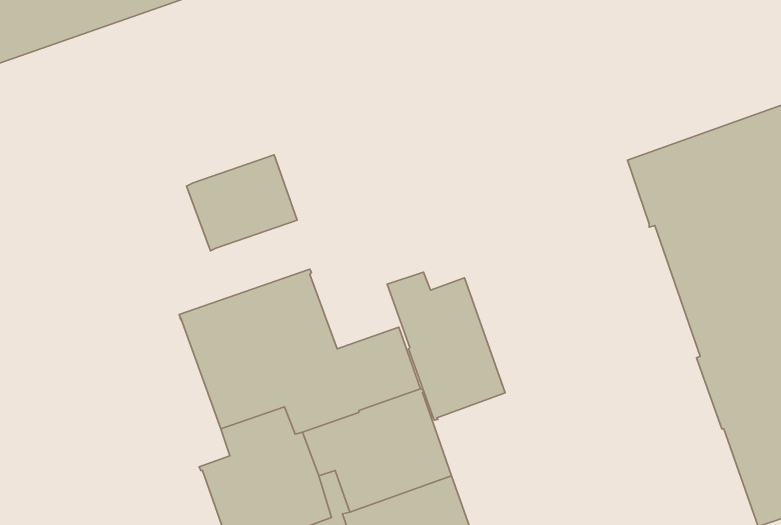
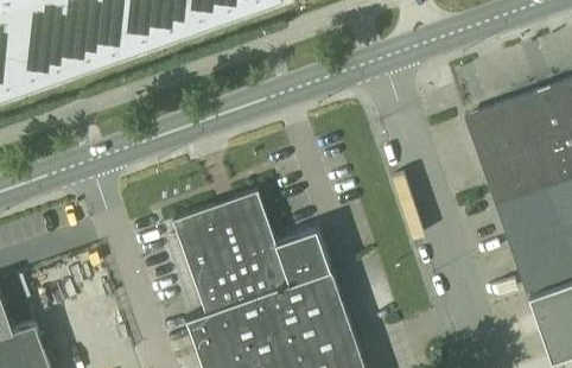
building: [187,155,297,251] -> none
building: [387,272,505,420] -> none

